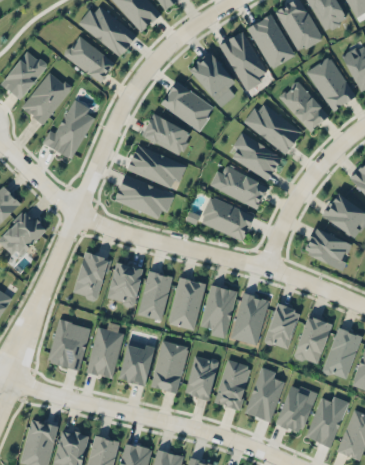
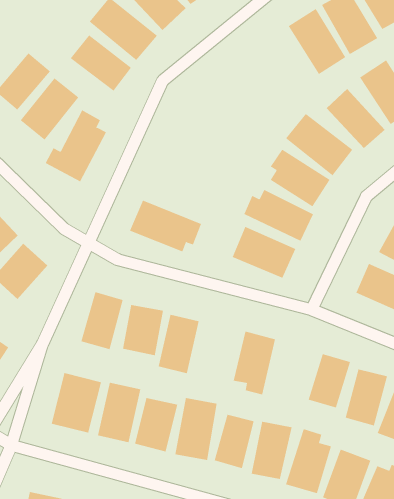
building: [218,31,266,91] -> none
building: [188,52,235,106] -> none
building: [160,80,214,131] -> none
building: [141,113,191,156] -> none
building: [126,144,186,188] -> none
building: [167,277,205,330] -> none
building: [229,292,269,345] -> none

